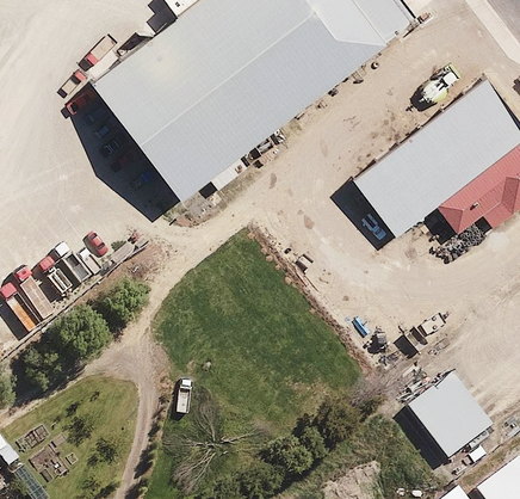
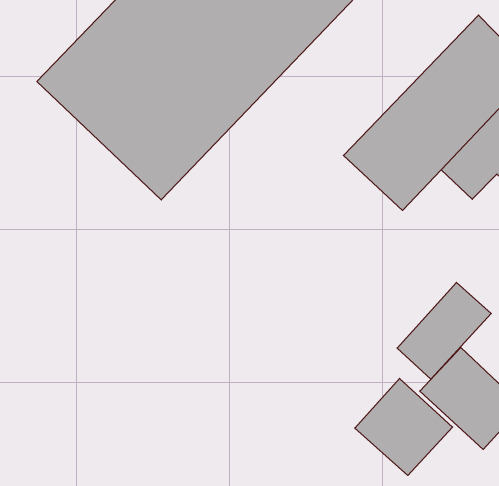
building: none -> [397,282,491,379]
building: none -> [355,378,453,475]

